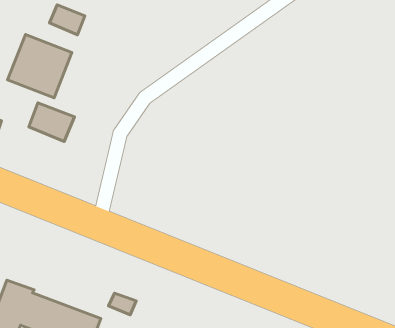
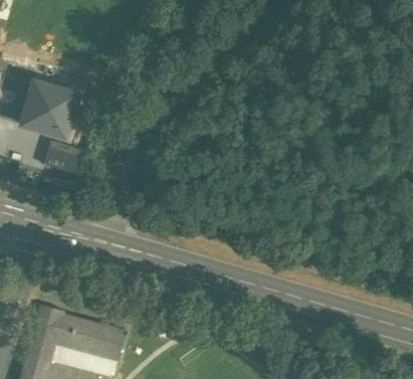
building: [49,5,85,35] -> none

